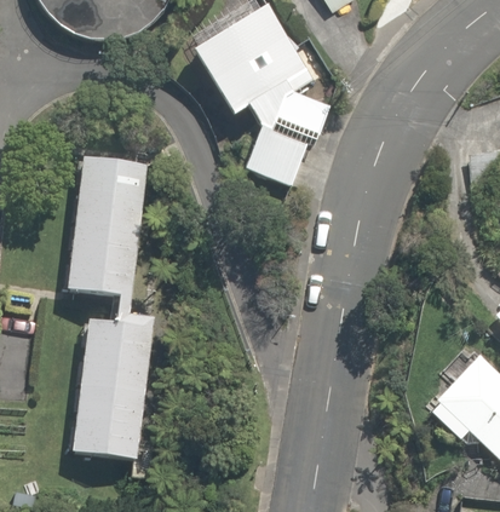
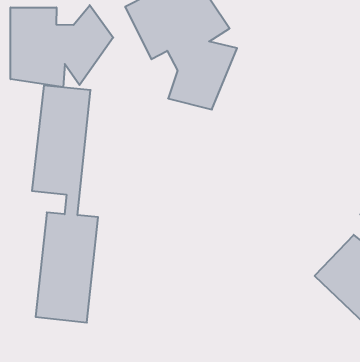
building: none -> [11,5,113,87]

